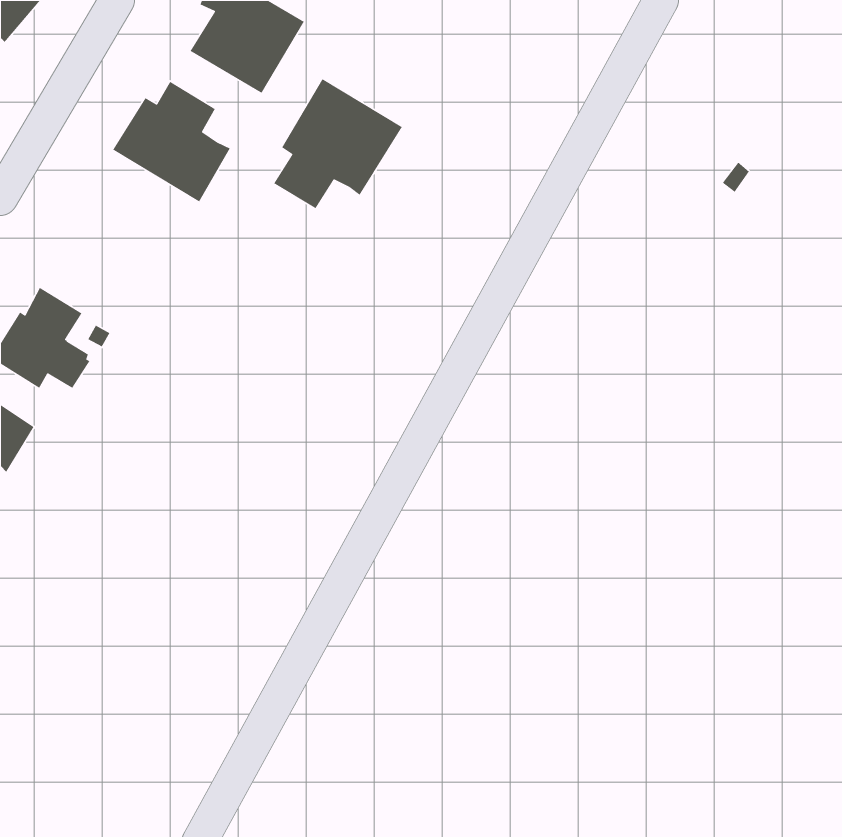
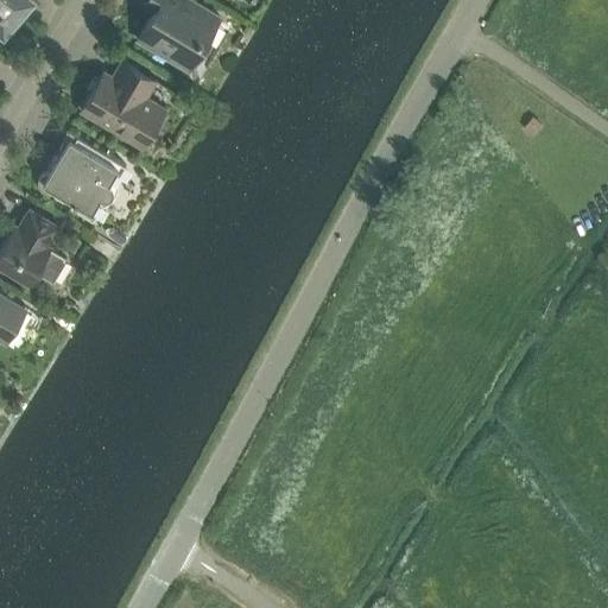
building: [273,78,403,209] -> none
building: none -> [38,132,126,221]

